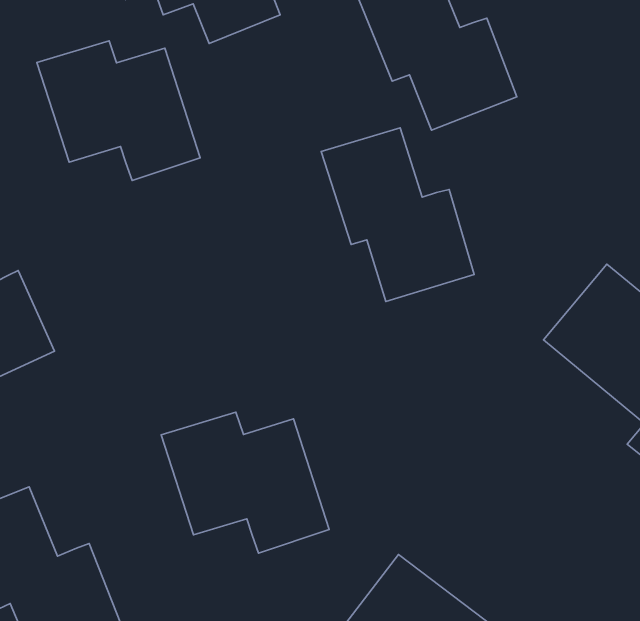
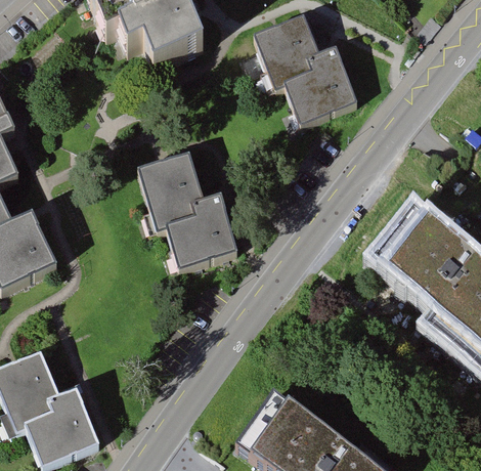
building: [37,41,200,181] -> none
building: [321,128,474,301] -> [137,155,236,267]
building: [161,412,329,553] -> none

